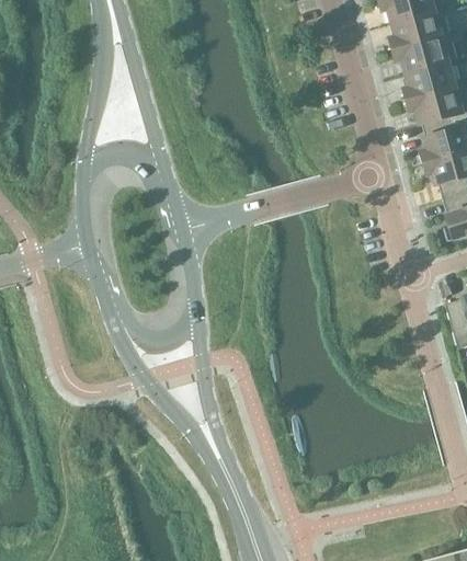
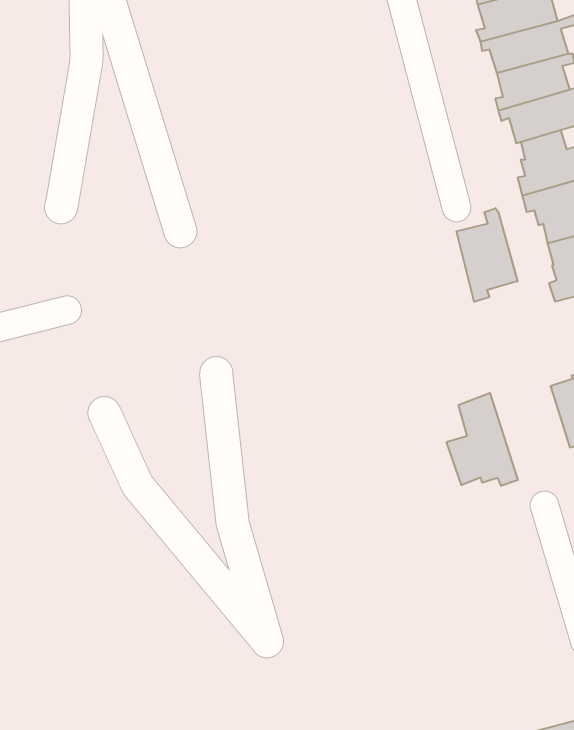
building: none -> [456,208,518,302]
building: none -> [447,393,518,486]

